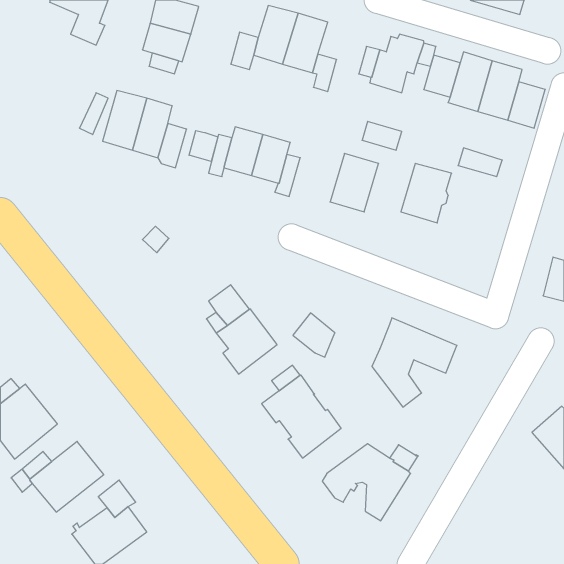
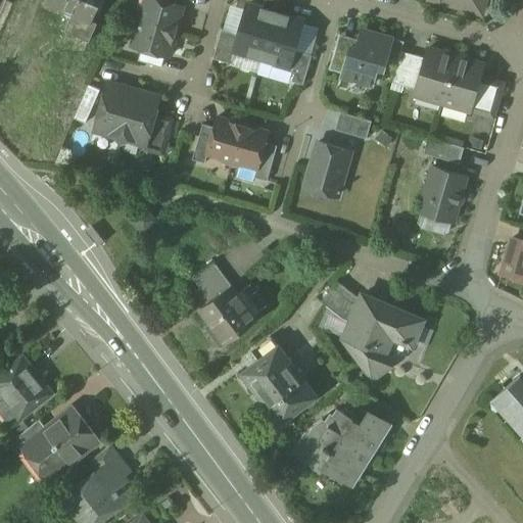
building: [189,131,218,162] -> none
building: [401,163,452,223] -> [420,167,467,222]
building: [293,313,335,357] -> [322,282,361,323]

